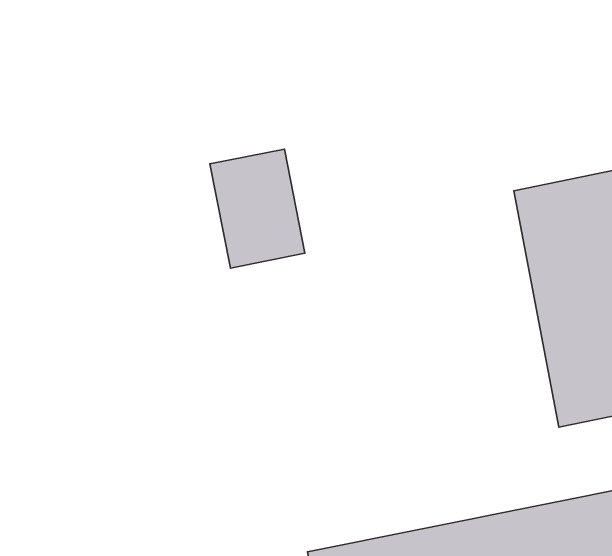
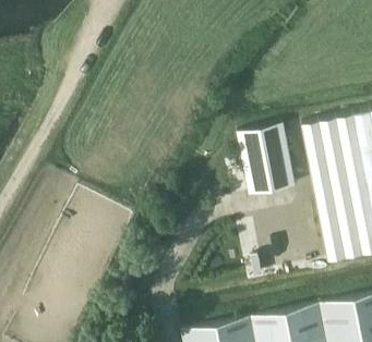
building: [210,149,305,268] -> [238,126,293,196]

